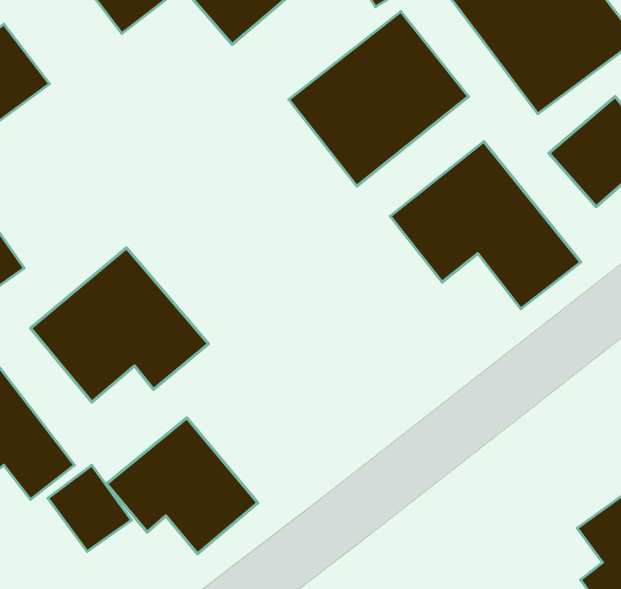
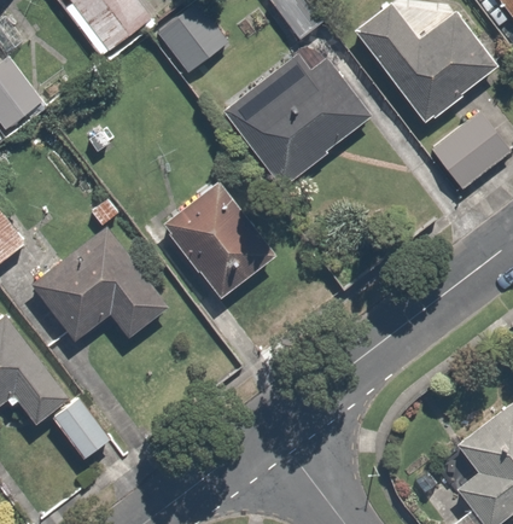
building: [390,141,581,309] -> none
building: none -> [161,177,280,297]
building: [106,418,258,554] -> none

